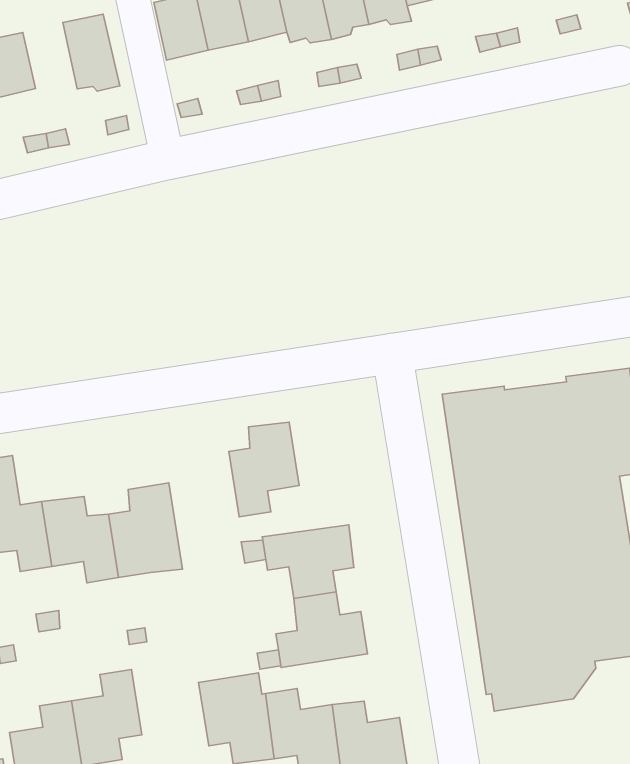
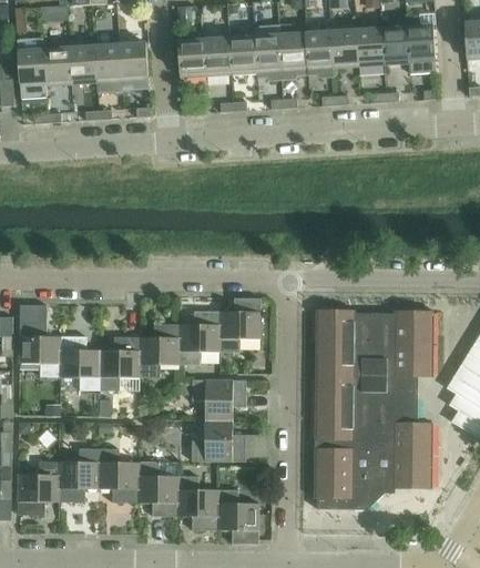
building: none -> [94,43,122,92]
building: none -> [219,297,261,351]
building: none -> [140,323,180,377]
building: none -> [99,447,139,501]

